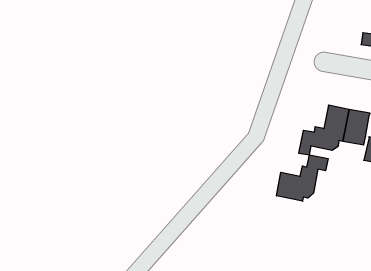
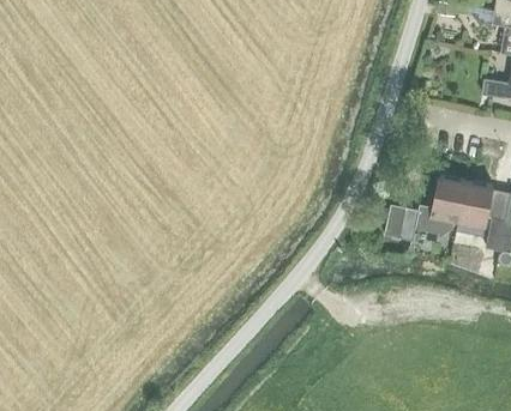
building: [277,155,328,201] -> none

